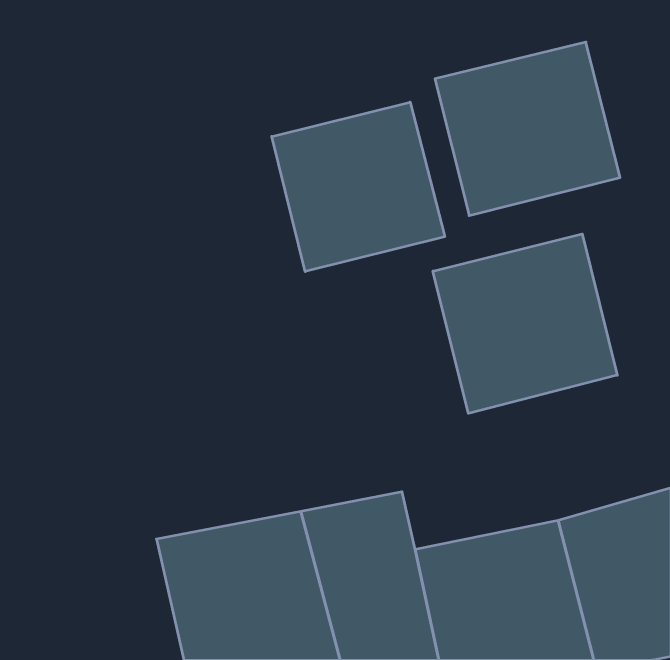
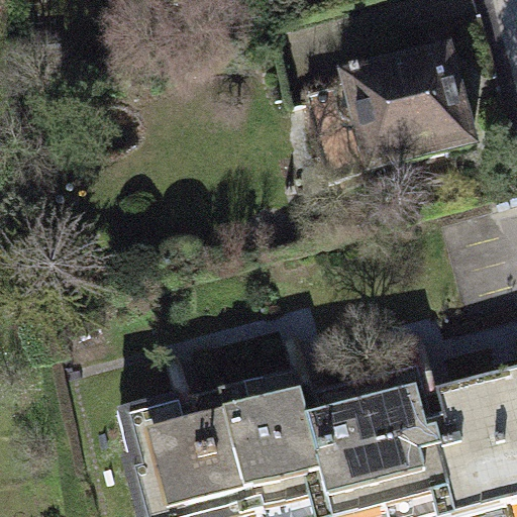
building: [272,102,445,272] -> none
building: [433,234,617,413] -> none

